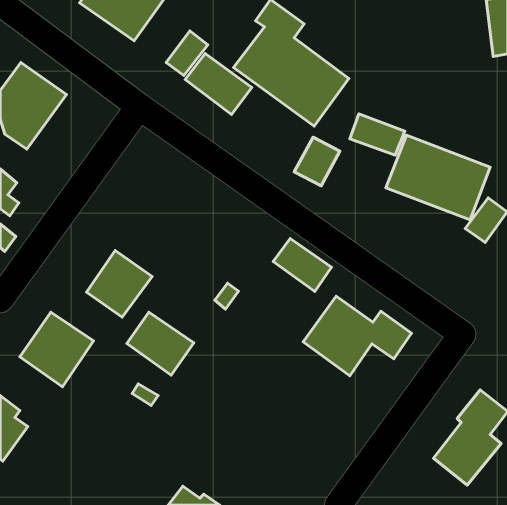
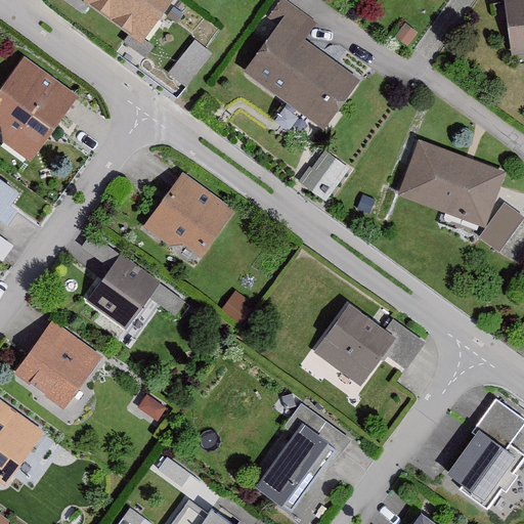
building: [185,53,252,114] -> none
building: [350,114,405,155] -> none
building: none -> [150,175,229,248]
building: [273,239,332,291] -> none
building: [127,312,194,375] -> none
building: none -> [256,405,350,513]

